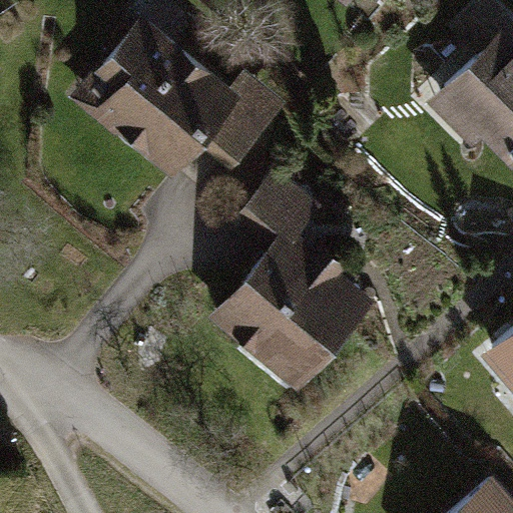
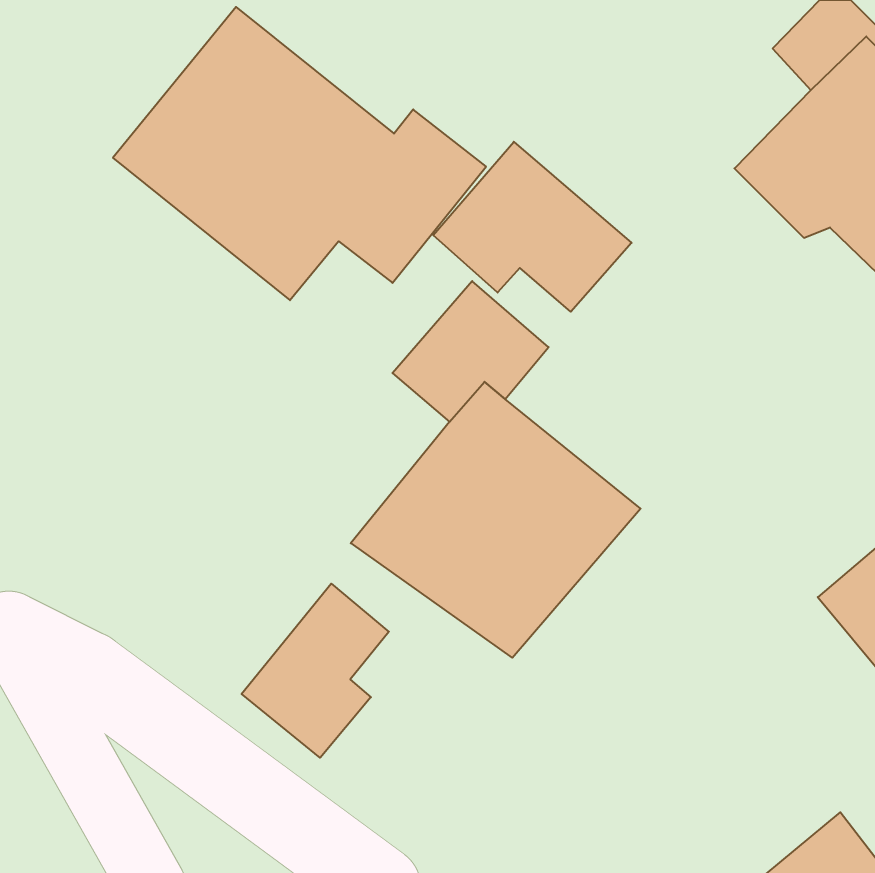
building: none -> [433,142,632,312]
building: none -> [242,584,389,758]

